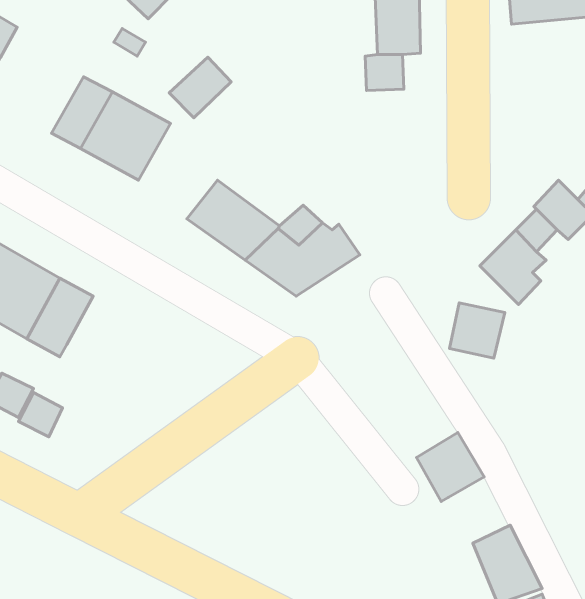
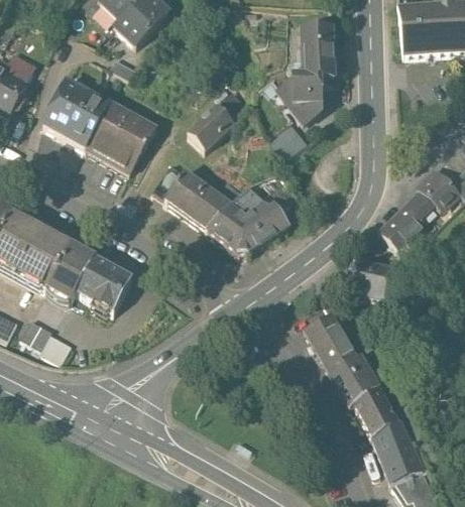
building: none -> [275,79,322,127]
building: [169,57,231,118] -> [188,105,233,149]
building: none -> [43,82,88,135]
building: none -> [268,124,307,165]
building: none -> [76,254,131,309]
building: none -> [304,308,361,372]
building: none -> [354,386,399,434]

